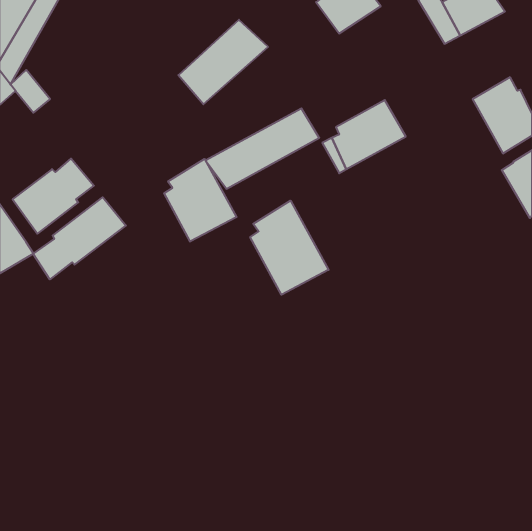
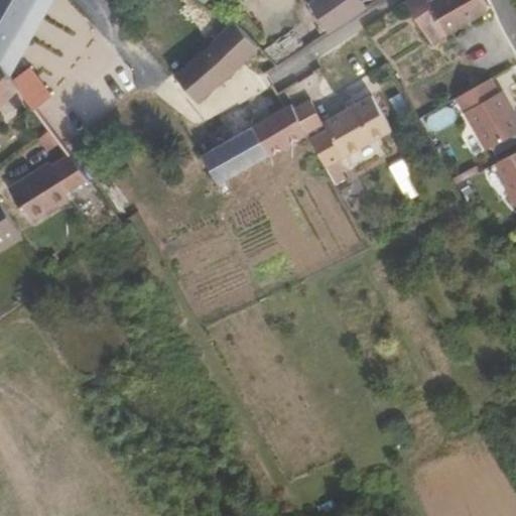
building: [164,159,237,242] -> none
building: [33,197,126,279] -> none
building: [250,201,329,295] -> none

